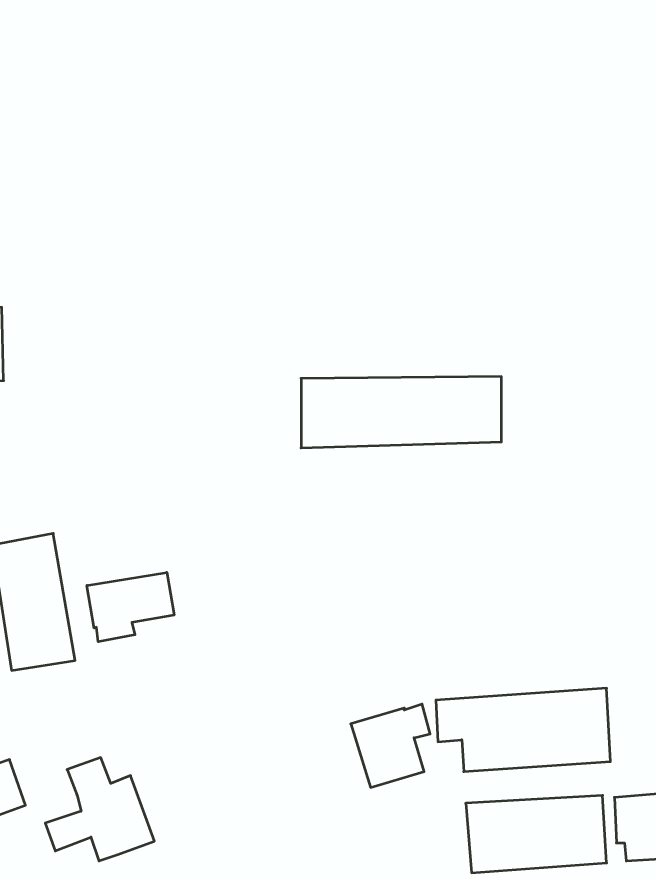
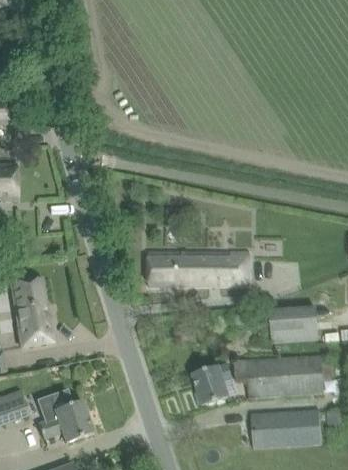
building: [301,377,501,448] -> [148,250,249,286]
building: [87,572,174,642] -> none
building: none -> [270,307,317,342]

